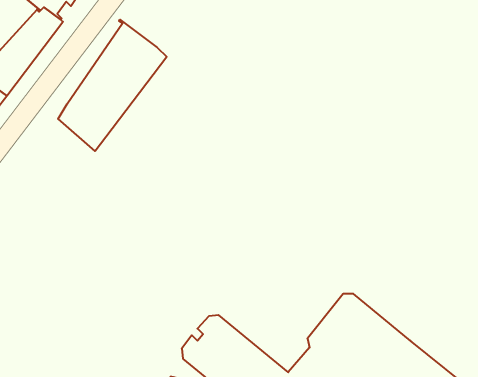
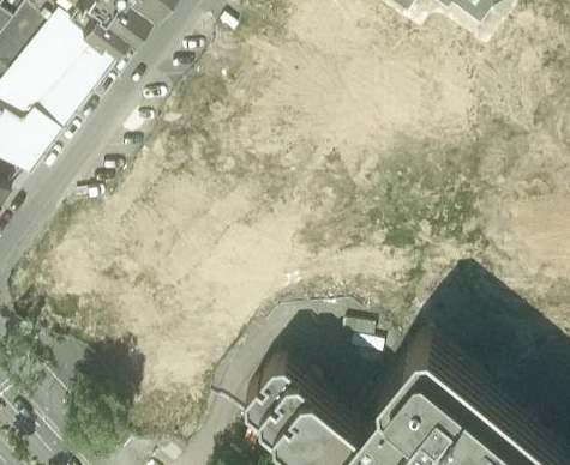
building: [58,20,167,151] -> none

